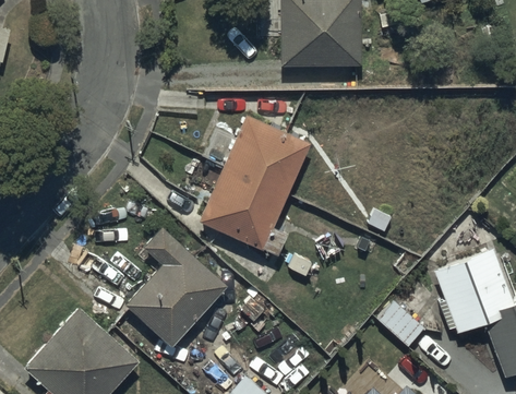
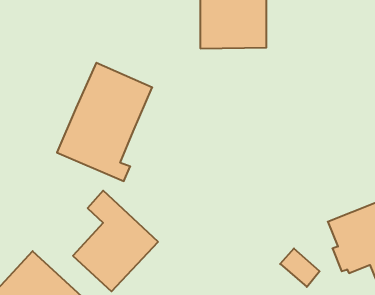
building: [201,118,314,259] -> [57,63,152,181]

